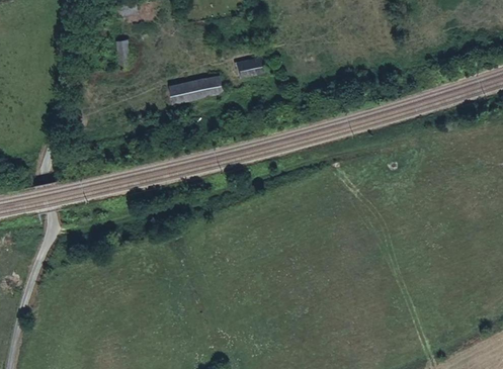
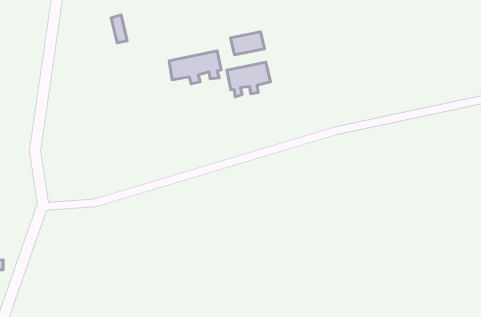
building: none -> [227,62,271,97]

